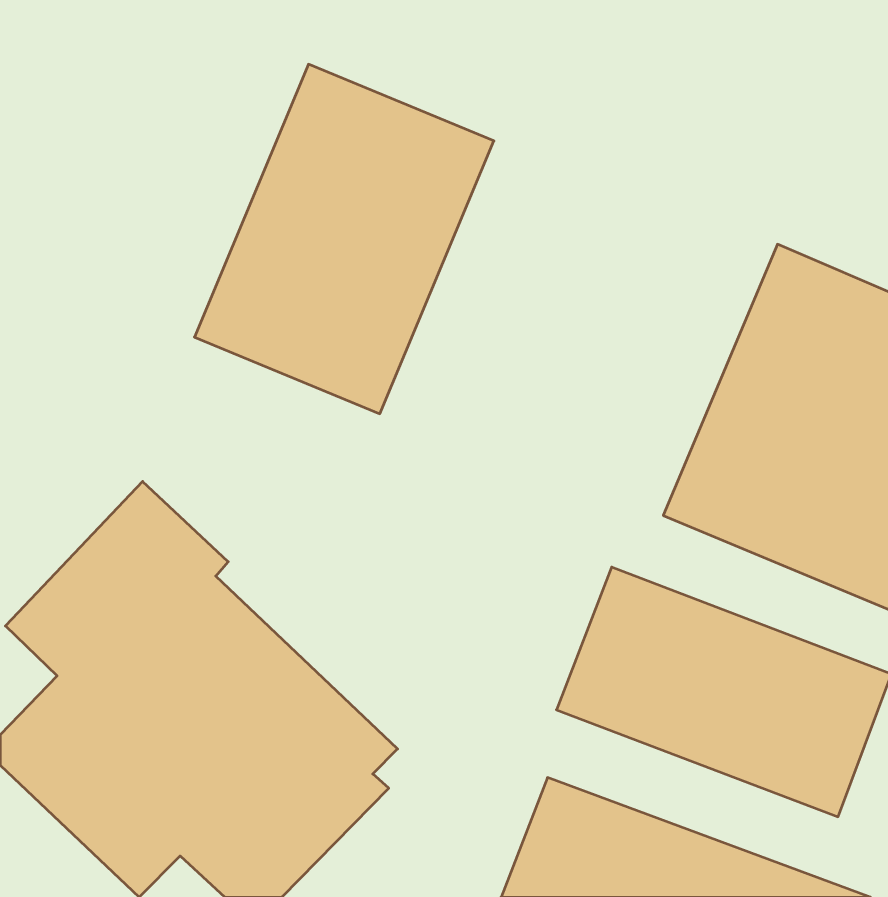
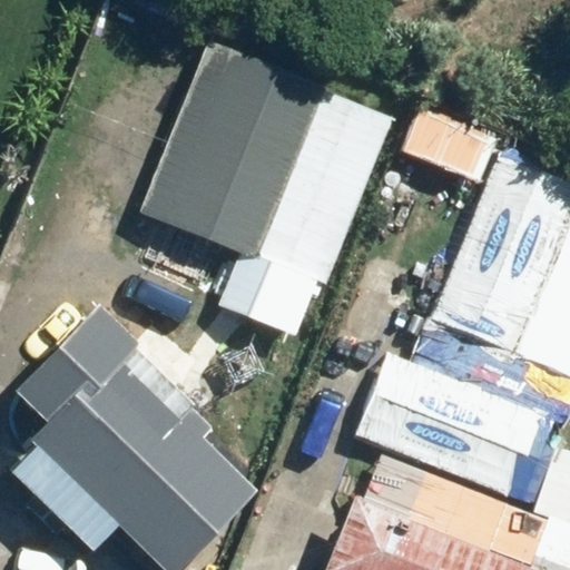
building: none -> [229,88,403,344]

